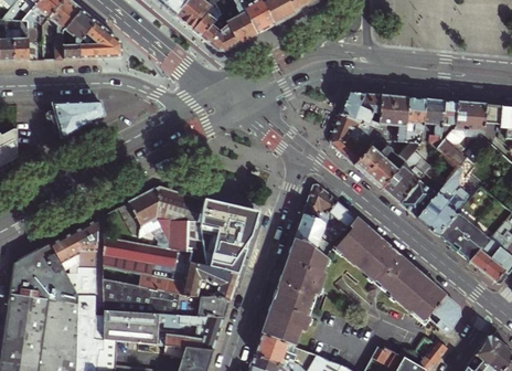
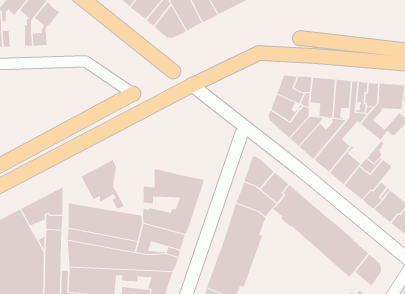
building: [81,21,122,59] -> none
building: [52,102,105,139] -> none
building: [156,186,202,252] -> none

